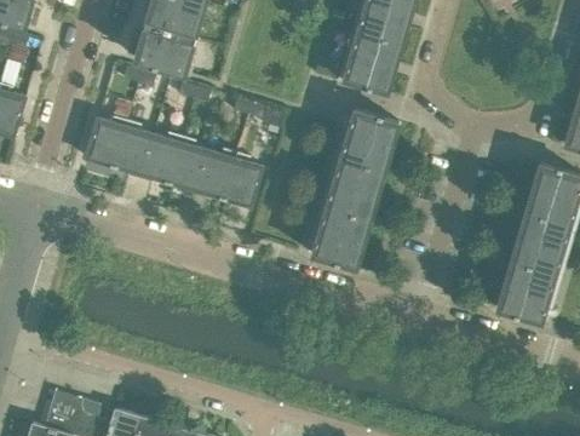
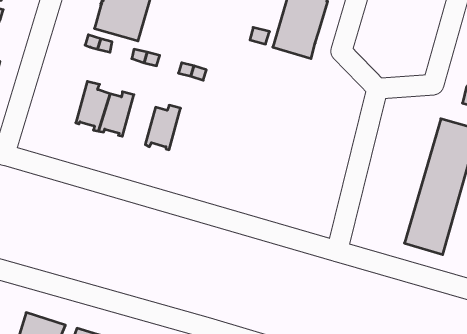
building: [310,109,397,268] -> none
building: [84,116,125,168] -> none
building: [166,136,205,194] -> none
building: [220,151,260,206] -> none

